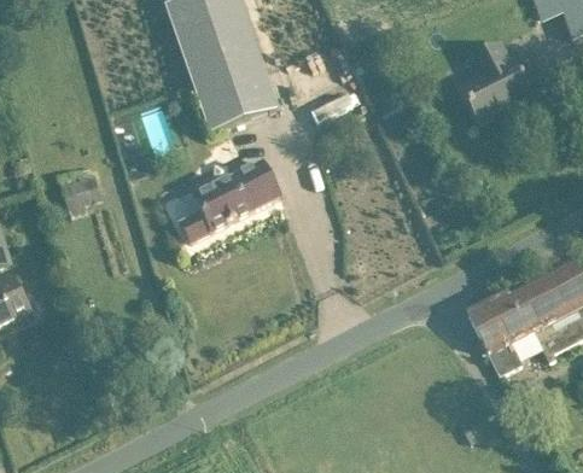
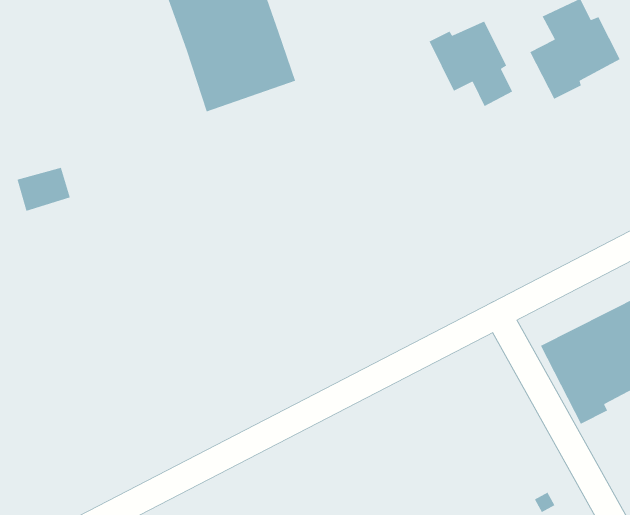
building: none -> [429,20,513,107]
building: [181,159,280,239] -> none

